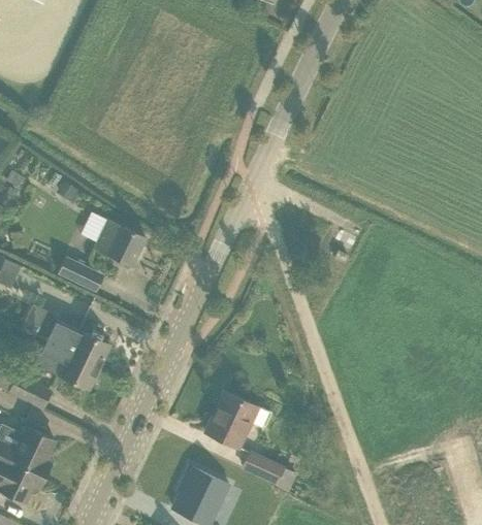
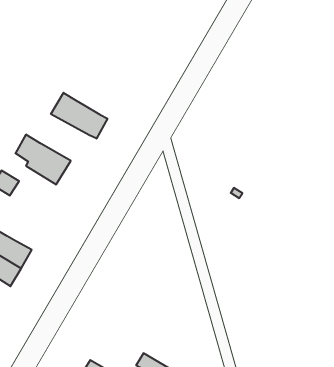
building: none -> [51,93,107,139]
building: [205,391,258,448] -> none

